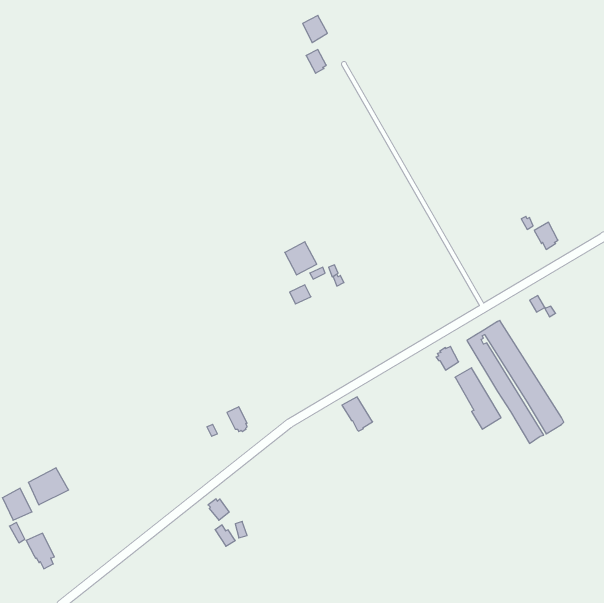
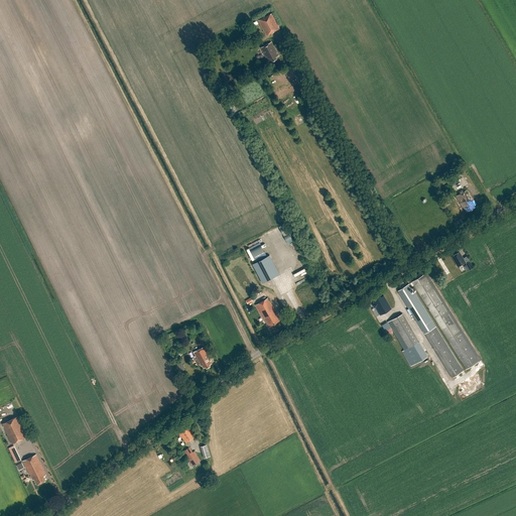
building: [285,242,317,275] -> [252,256,279,284]
building: [342,397,373,431] -> [255,299,281,329]
building: [28,468,69,505] -> none

